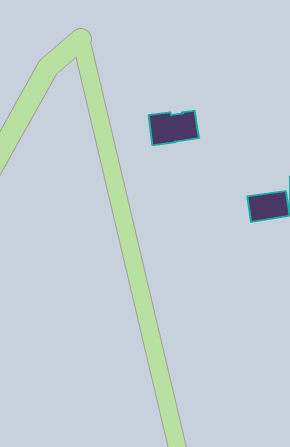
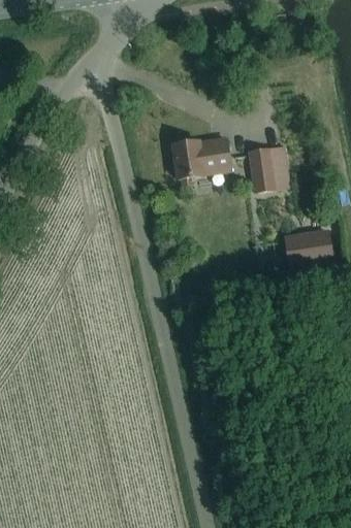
building: none -> [250,151,277,191]

